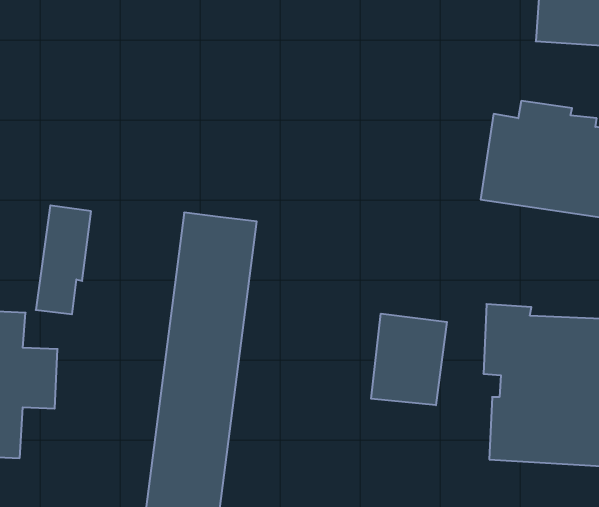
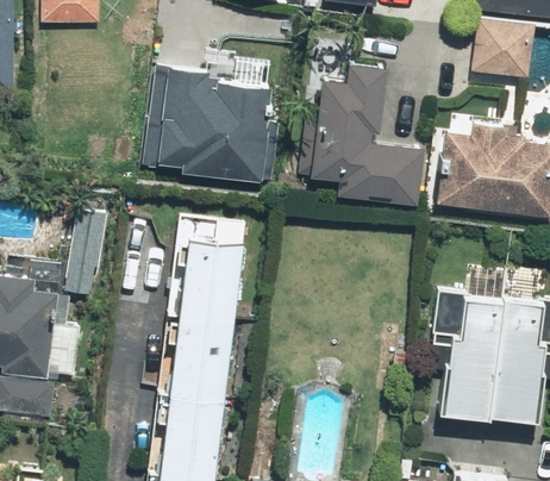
building: none -> [148,61,271,181]
building: none -> [311,67,423,202]
building: [371,314,447,405] -> none

